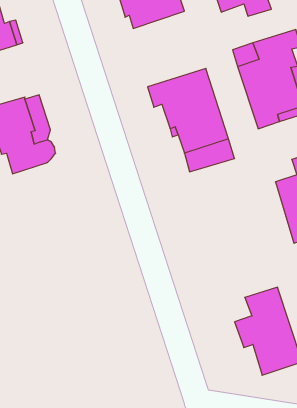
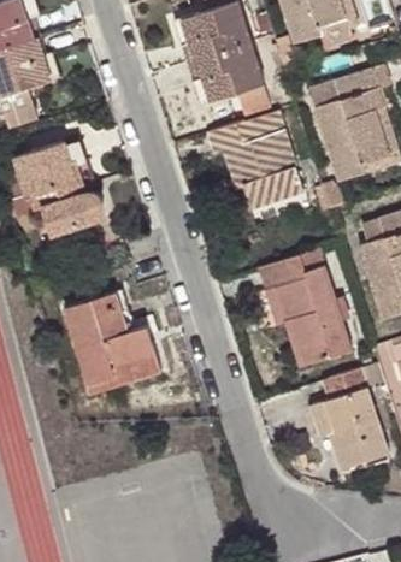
building: none -> [190,42,264,106]
building: none -> [256,248,358,366]
building: none -> [65,294,157,395]

